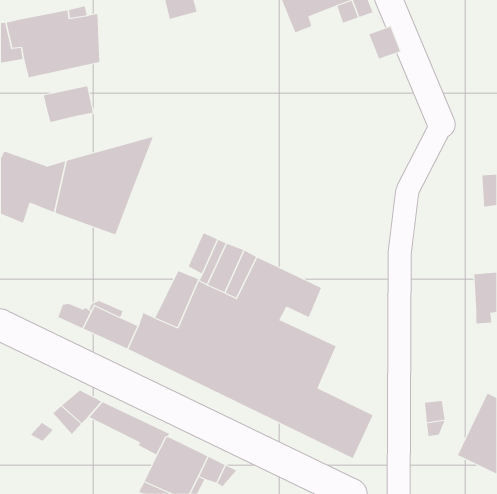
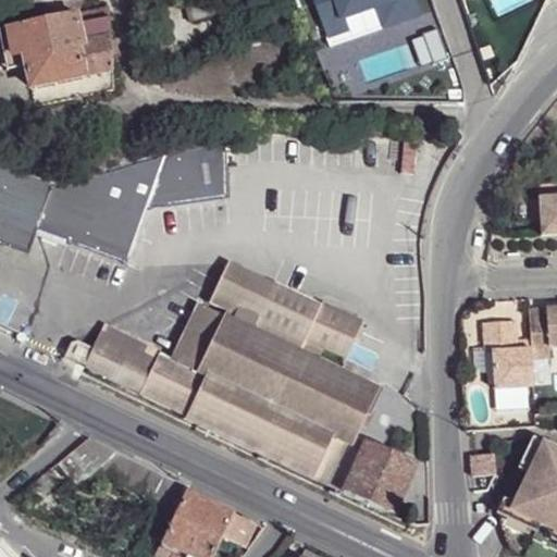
building: [43,85,93,123] -> none
building: none -> [149,146,228,212]
building: none -> [484,323,535,396]

